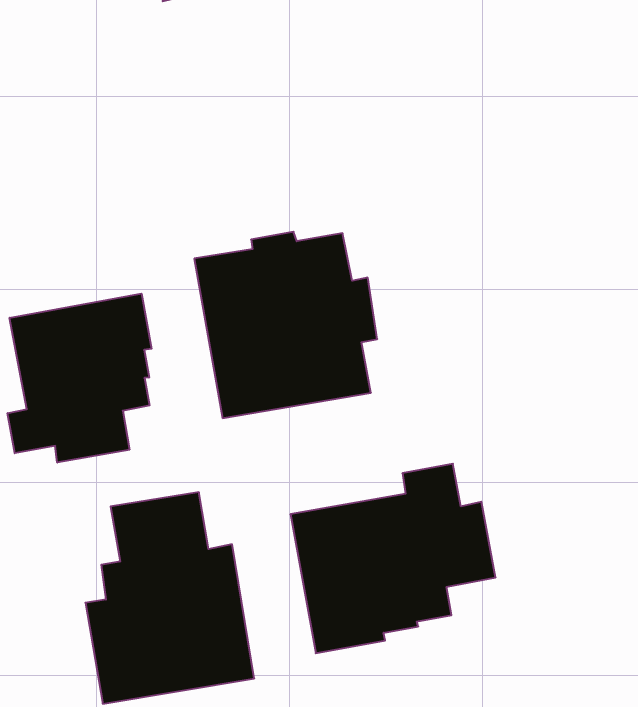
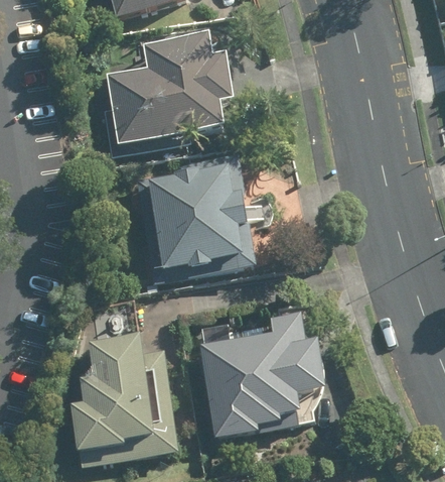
building: none -> [98,36,242,158]
building: [8,294,152,463] -> none

